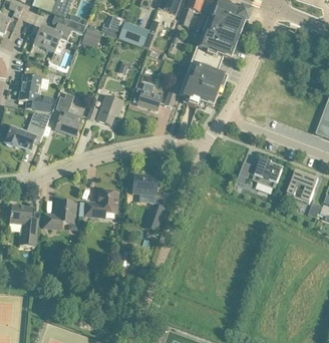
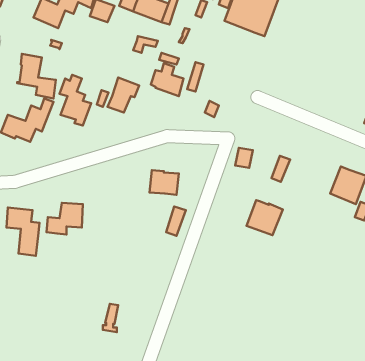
building: [179,45,224,105] -> none
building: [253,156,284,187] -> [247,200,283,235]
building: [84,190,117,216] -> none

